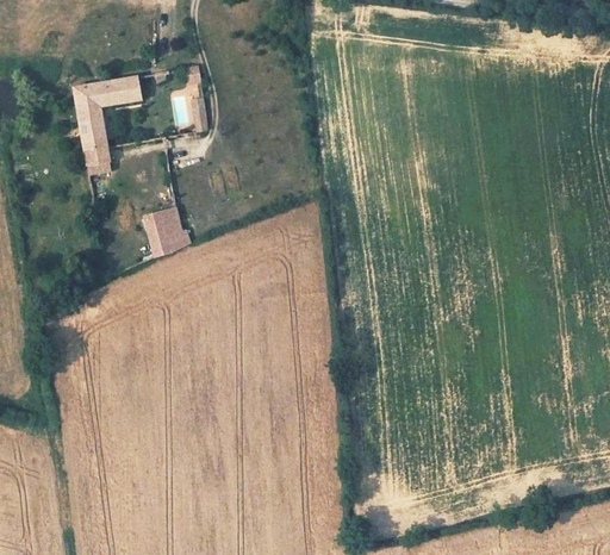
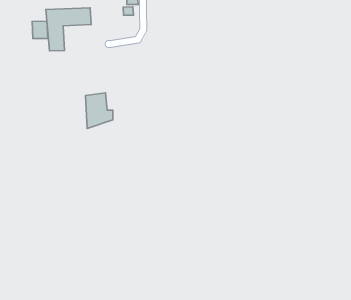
building: [85,145,111,174] -> [32,21,48,39]

